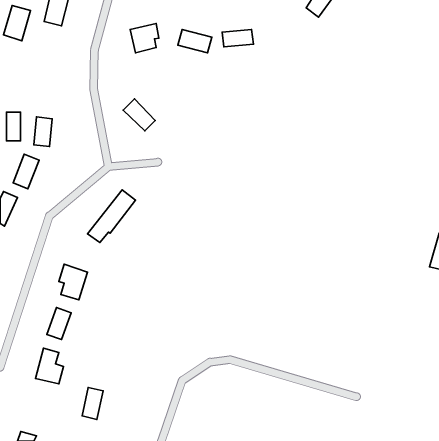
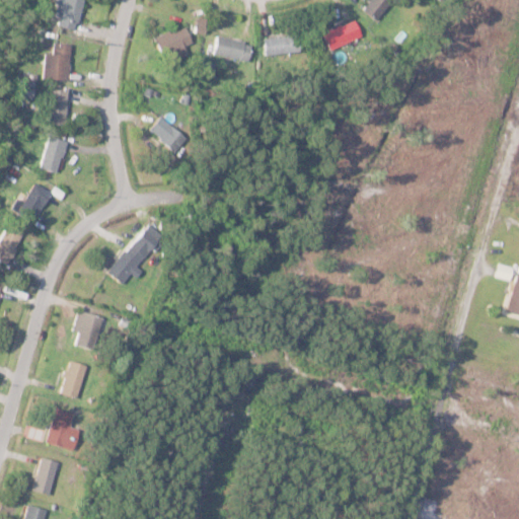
building: [4,5,31,41] -> [44,41,75,82]
building: none -> [323,18,362,51]
building: [7,112,20,141] -> [51,91,67,125]
building: [82,387,103,419] -> [33,456,58,494]

